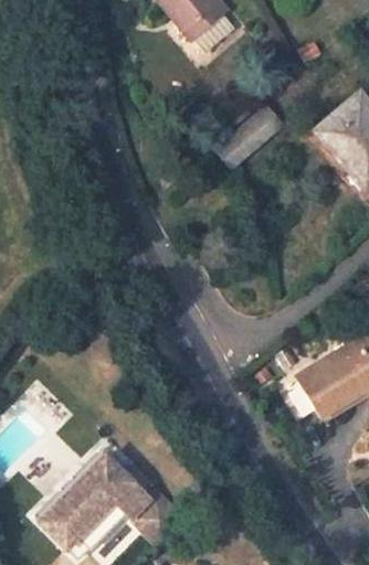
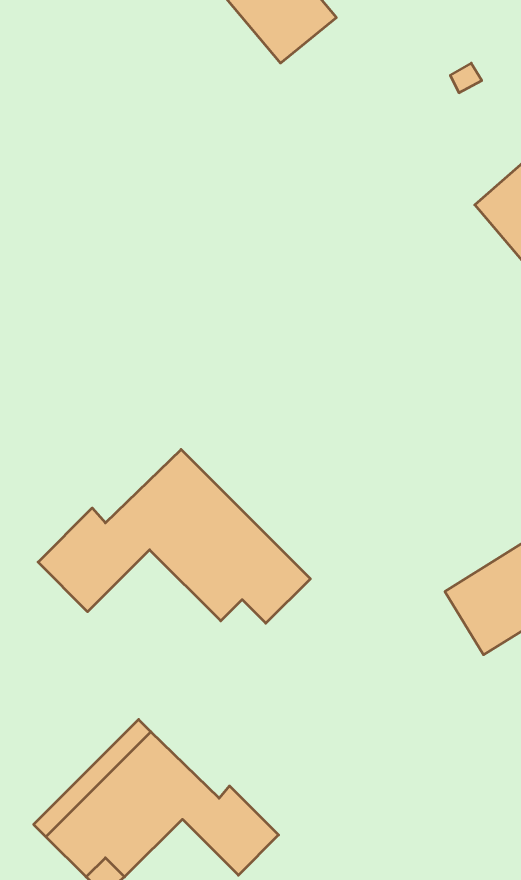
building: [218,103,282,166] -> none
building: none -> [38,449,310,623]

